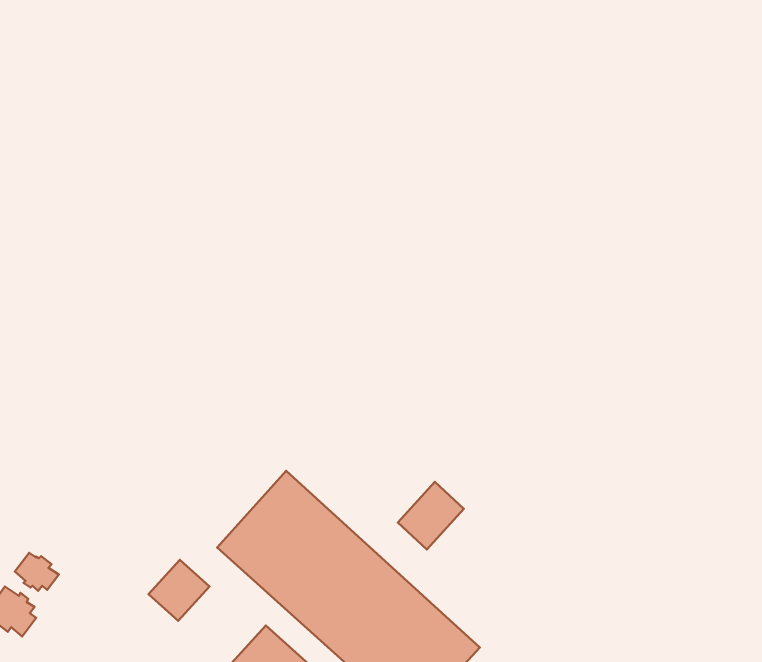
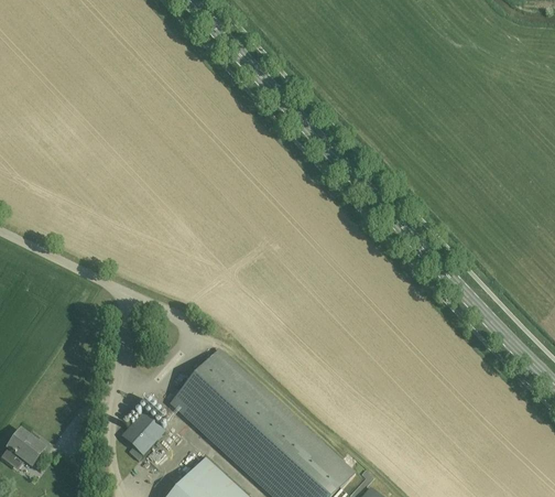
building: [398,482,464,550] -> none
building: [15,553,59,591] -> none

